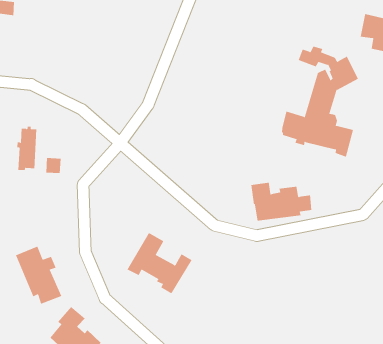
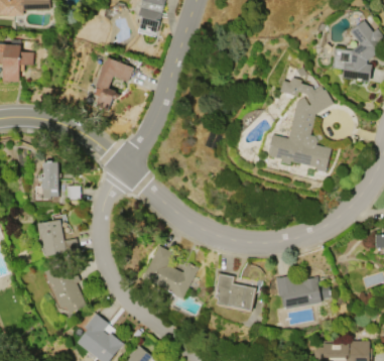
building: none -> [96,57,132,112]
building: [251,182,312,221] -> [275,275,330,310]
building: none -> [38,220,78,257]
building: none -> [213,273,256,312]

